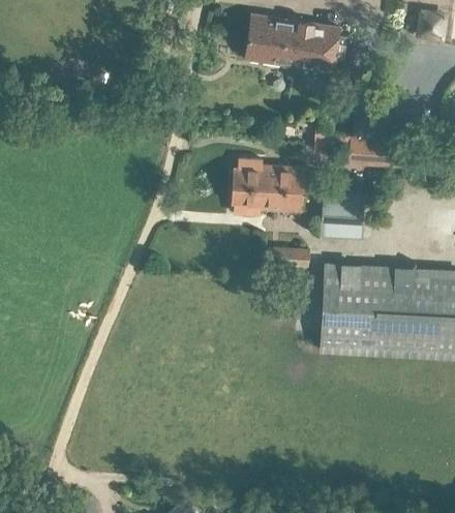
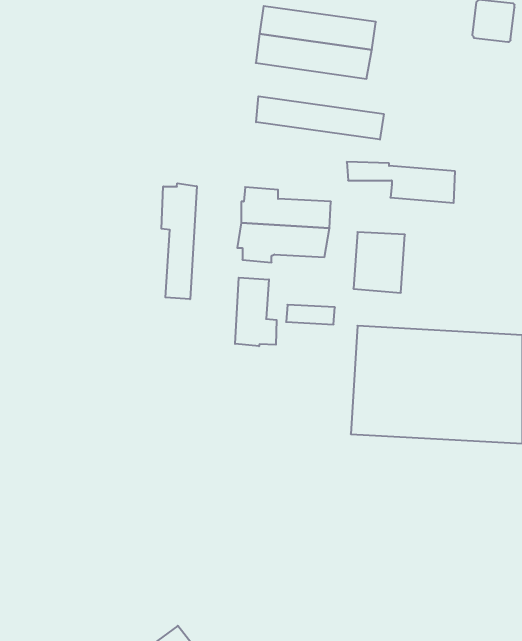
building: none -> [256,96,384,140]
building: none -> [161,183,197,299]
building: none -> [235,278,277,346]

